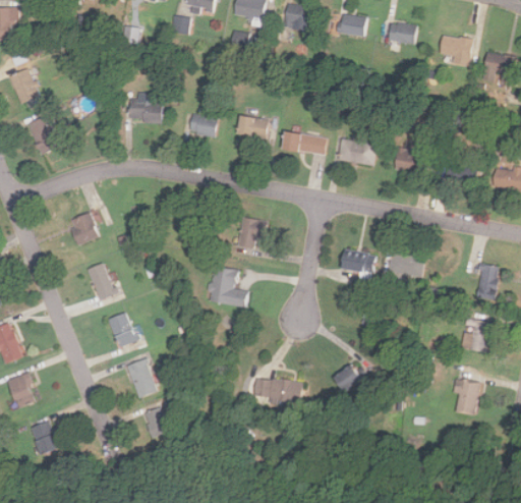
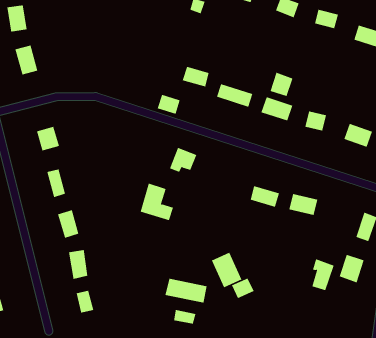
building: [129,104,161,125] -> none
building: none -> [270,72,293,97]
building: [188,115,216,137] -> [157,94,181,115]
building: none -> [211,252,242,288]
building: [454,379,480,416] -> [311,259,334,291]
building: none -> [173,309,196,325]

